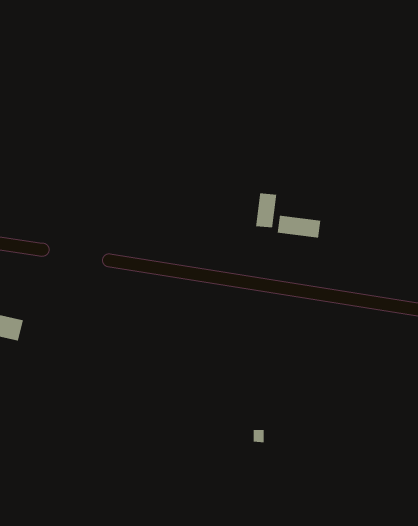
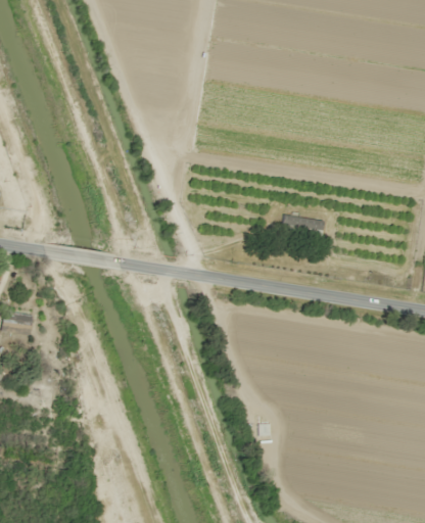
building: [256,193,277,228] -> none

